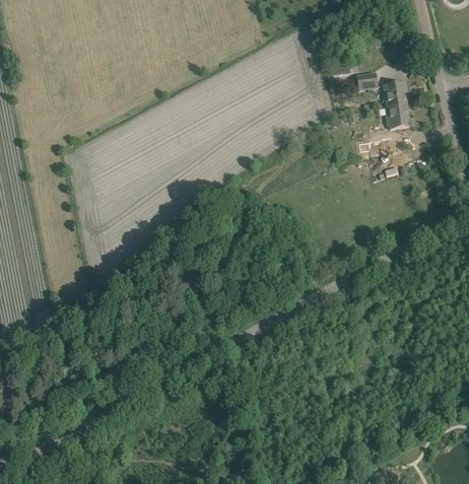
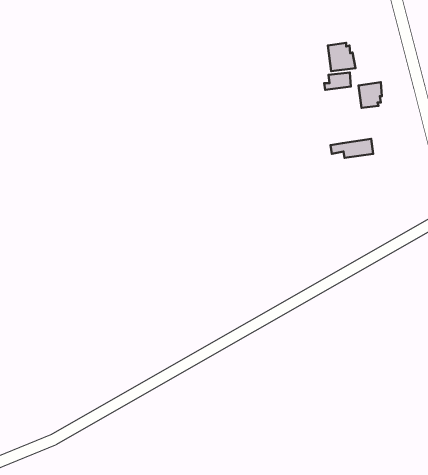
building: none -> [328,43,355,71]
building: [385,100,409,127] -> none

